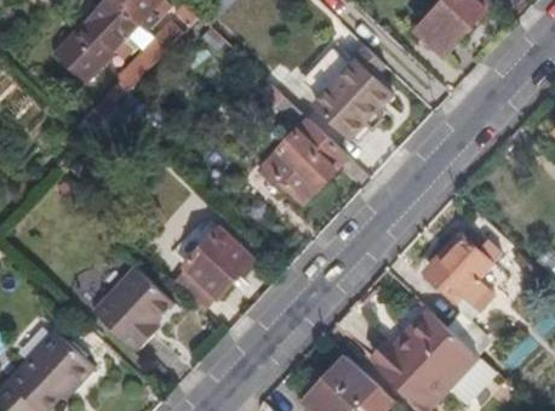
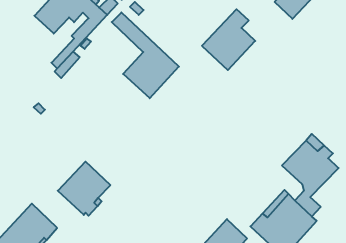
building: [247,74,348,202] -> [112,12,179,98]
building: [184,228,252,296] -> none

